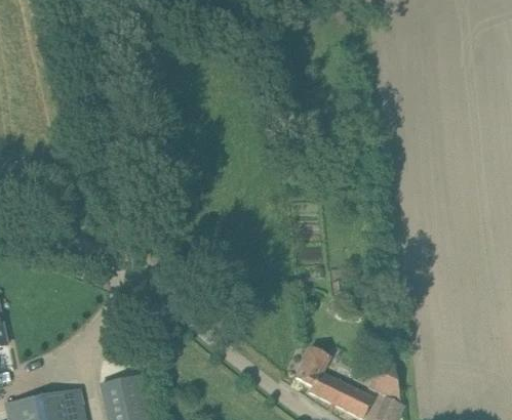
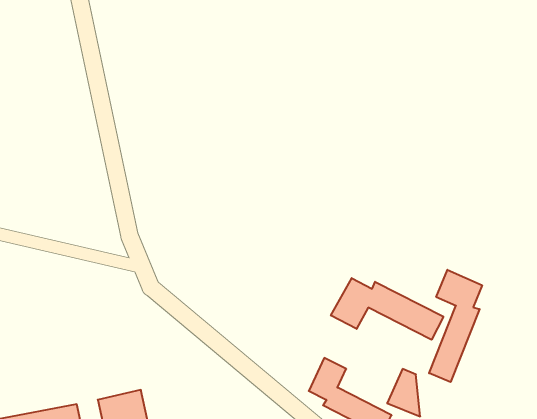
building: none -> [429,270,482,382]
building: none -> [331,278,443,340]

